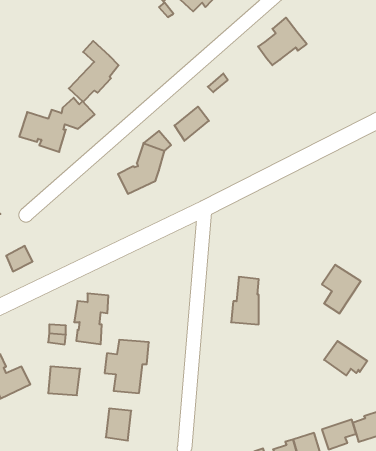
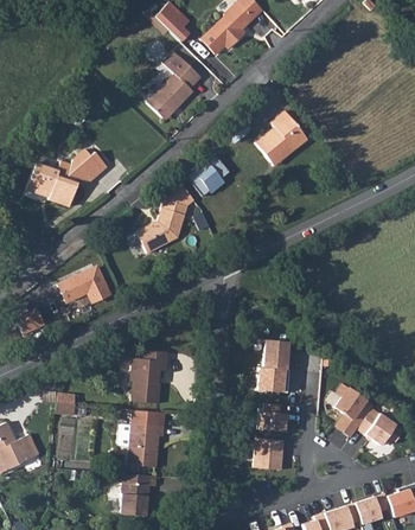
building: [258,18,307,65] -> [253,110,305,161]
building: [69,41,119,102] -> [148,52,202,117]
building: none -> [57,267,107,302]
building: [322,265,361,313] -> [332,385,374,438]
building: [74,293,108,344] -> [133,347,170,402]
building: none -> [256,404,283,432]
building: none -> [253,439,282,471]

